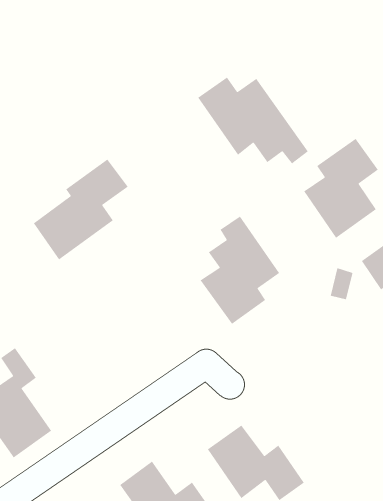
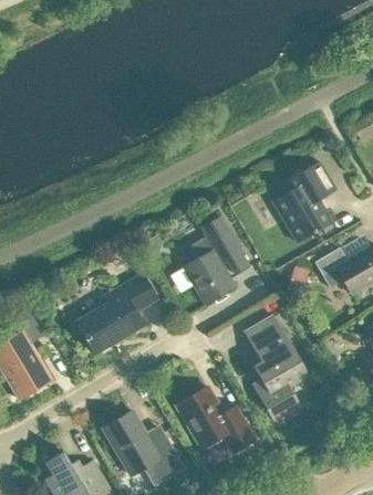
building: [197,77,309,164] -> none
building: [33,159,129,260] -> [76,274,157,354]
building: none -> [246,314,308,422]

